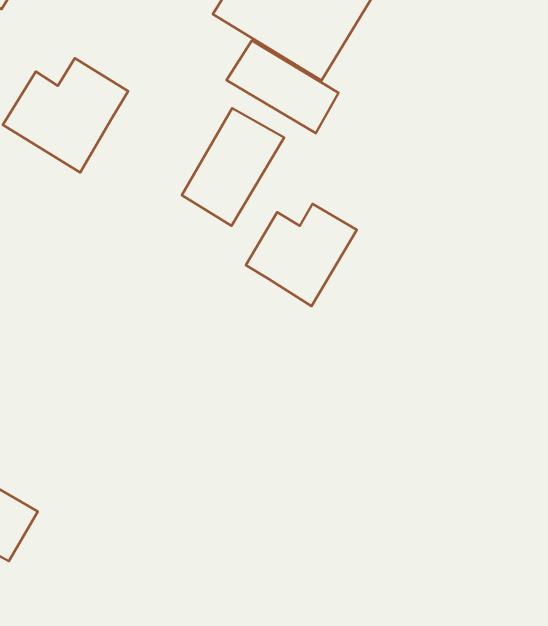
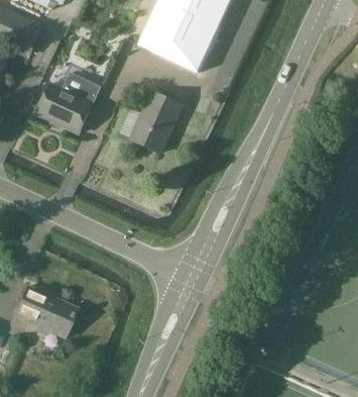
building: [227,40,338,133] -> none
building: [246,204,357,306] -> none

